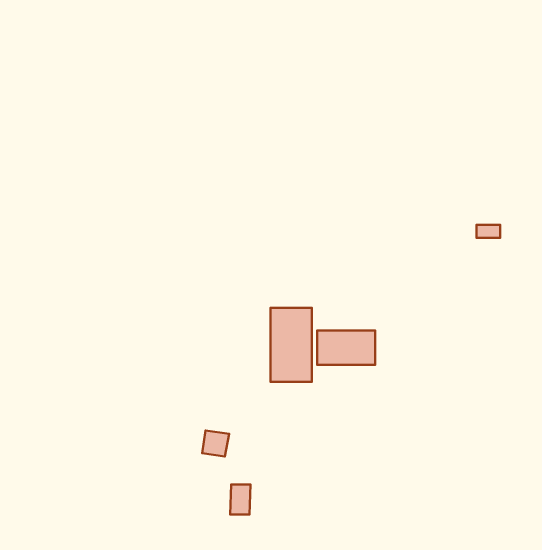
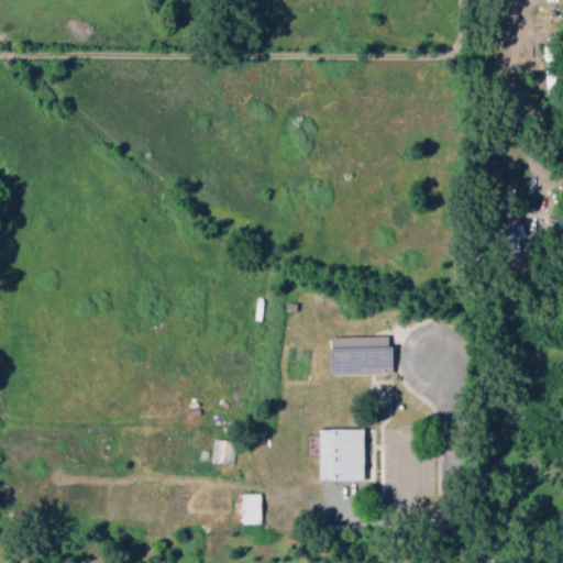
building: [270,308,312,382] -> none
building: none -> [319,430,364,482]

